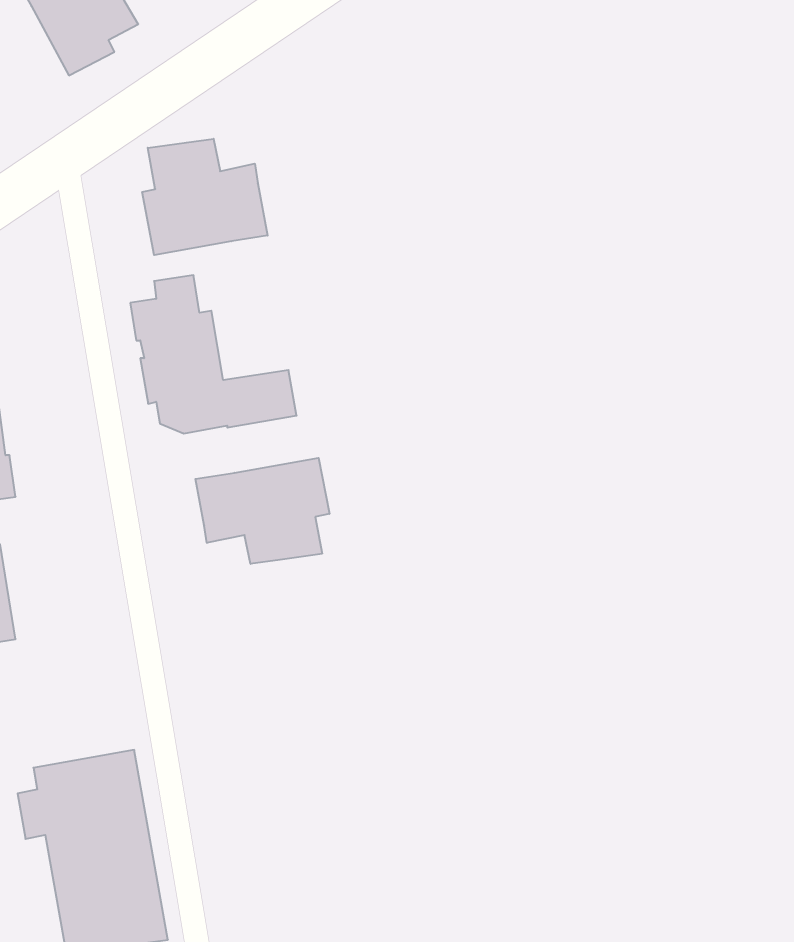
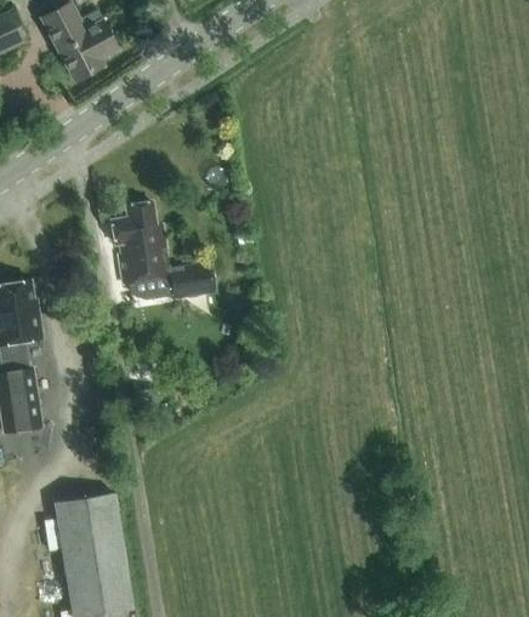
building: [142,139,268,255] -> none
building: [195,458,329,564] -> none

